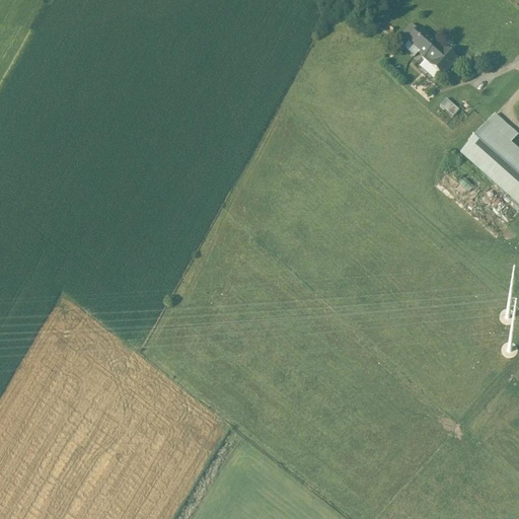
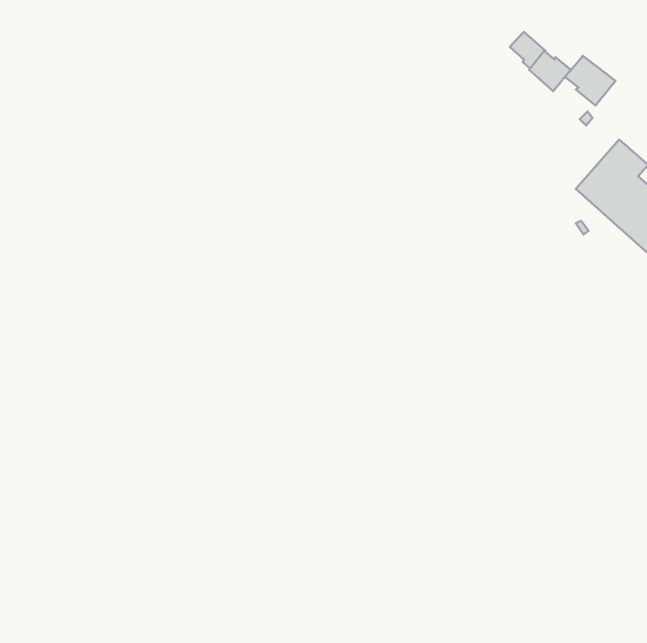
building: none -> [565,56,616,105]

